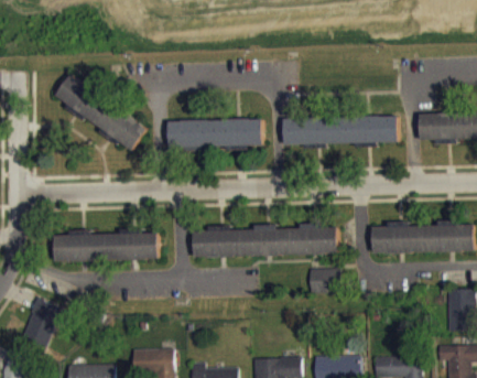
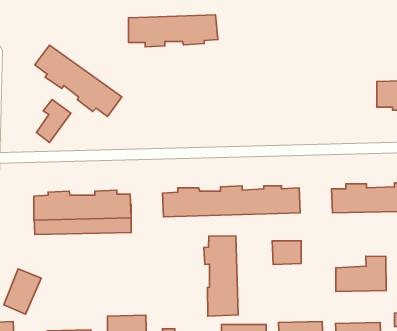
building: [281,109,398,142] -> none
building: [167,111,262,145] -> [129,15,218,47]
building: none -> [37,99,71,142]
building: none -> [204,236,238,316]
building: none -> [336,256,386,291]

